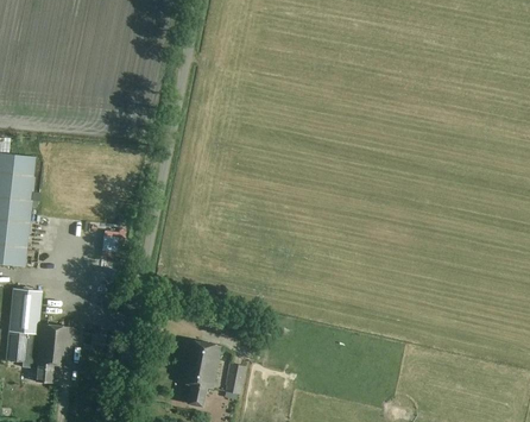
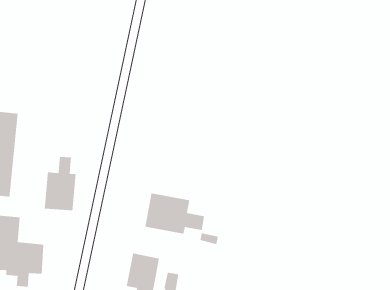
building: none -> [44,156,76,211]
building: none -> [145,192,205,235]

